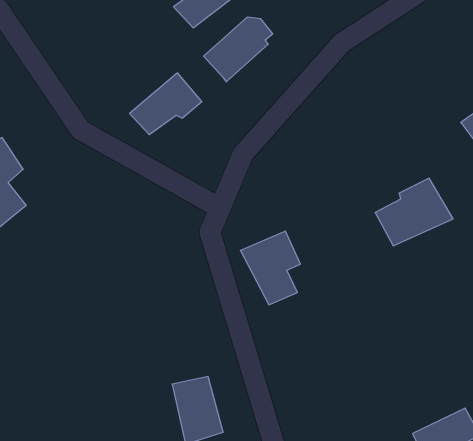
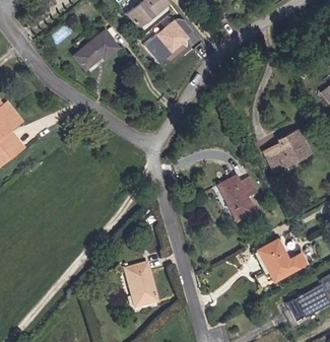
building: [130,73,202,135] -> [70,28,119,70]
building: [240,231,300,305] -> [217,170,258,220]
building: none -> [256,237,308,282]

